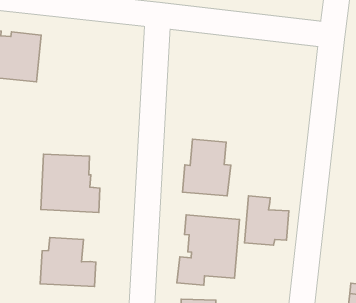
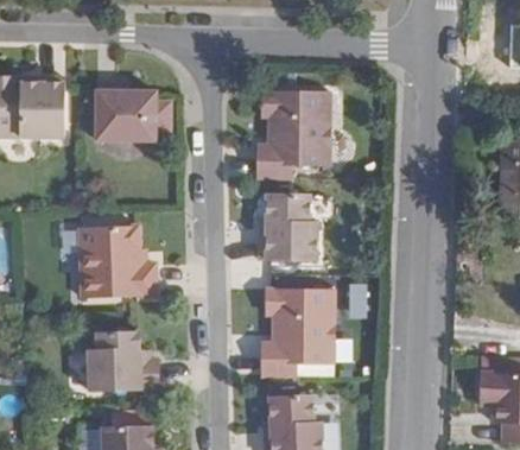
building: none -> [96,83,170,141]
building: none -> [256,91,330,178]
building: [244,196,289,245] -> none

